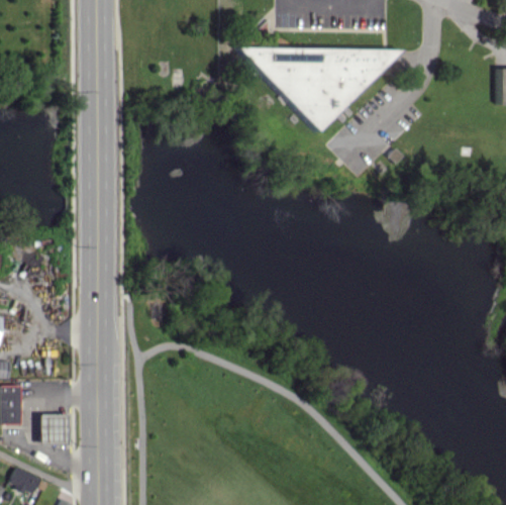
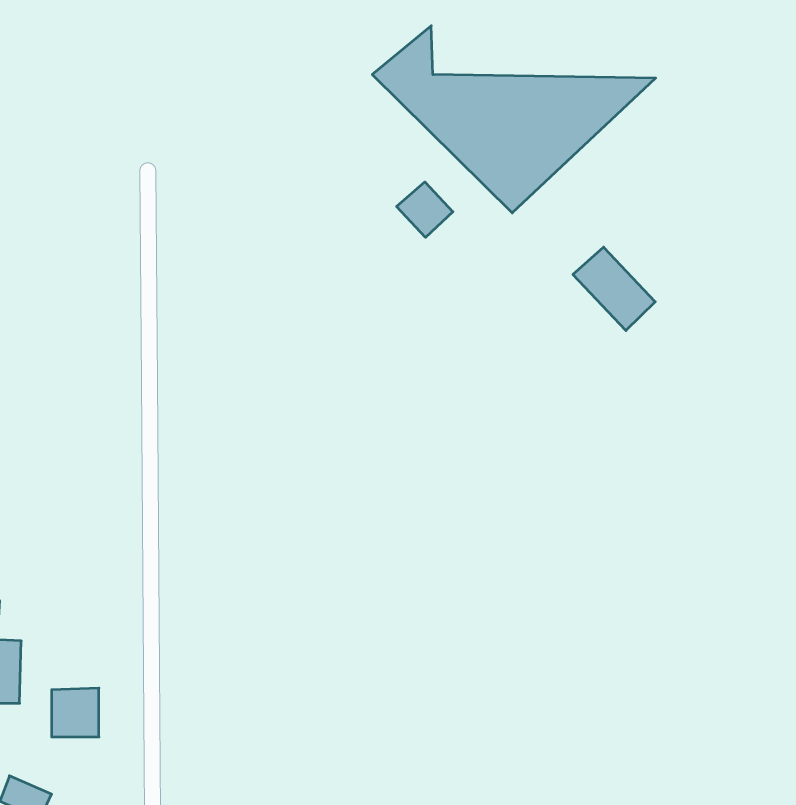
building: none -> [397,182,453,237]
building: none -> [573,247,655,331]

